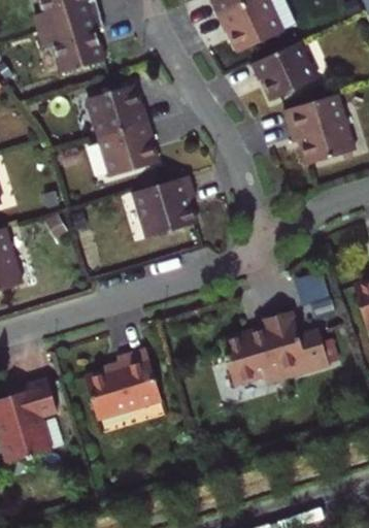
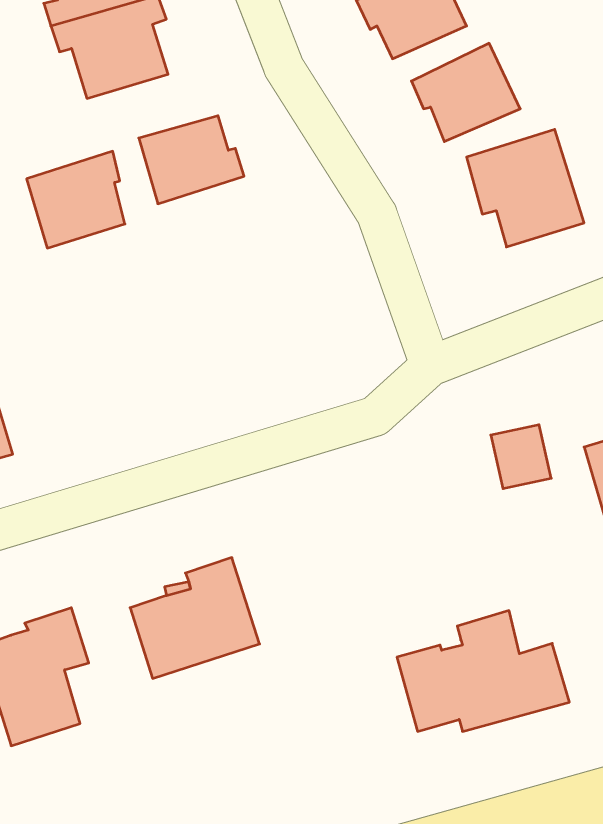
building: [99,121,158,178] -> [27,151,125,248]
building: [137,173,199,235] -> none
building: [224,314,327,386] -> [397,611,569,731]

